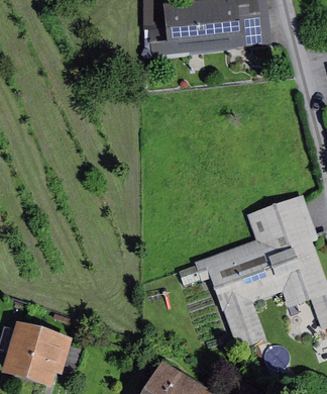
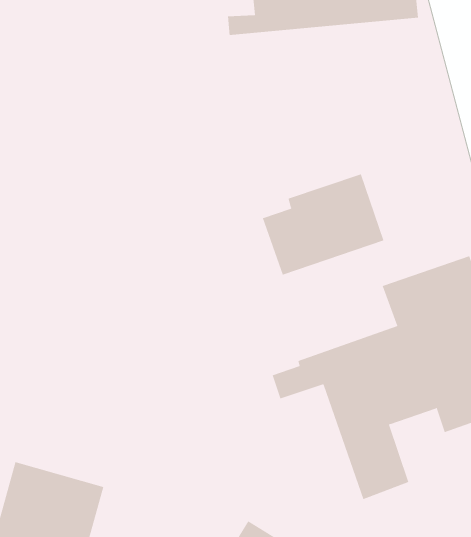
building: none -> [262,174,384,275]

